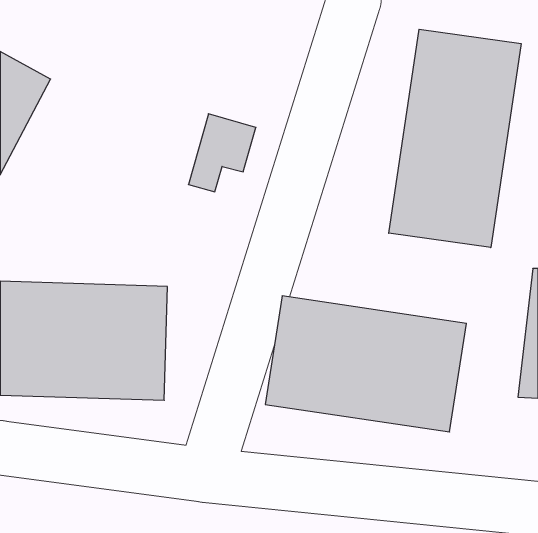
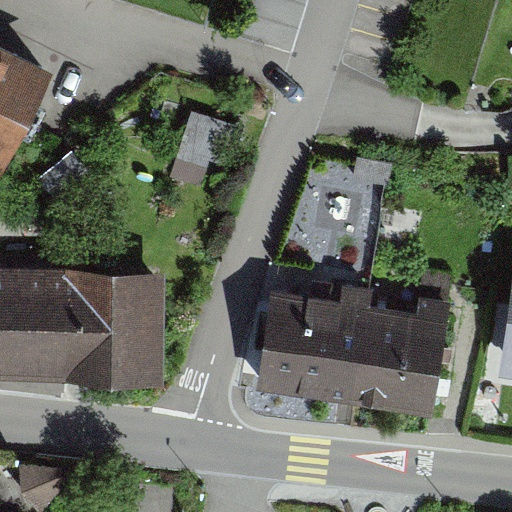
building: [389,29,521,248] -> none

